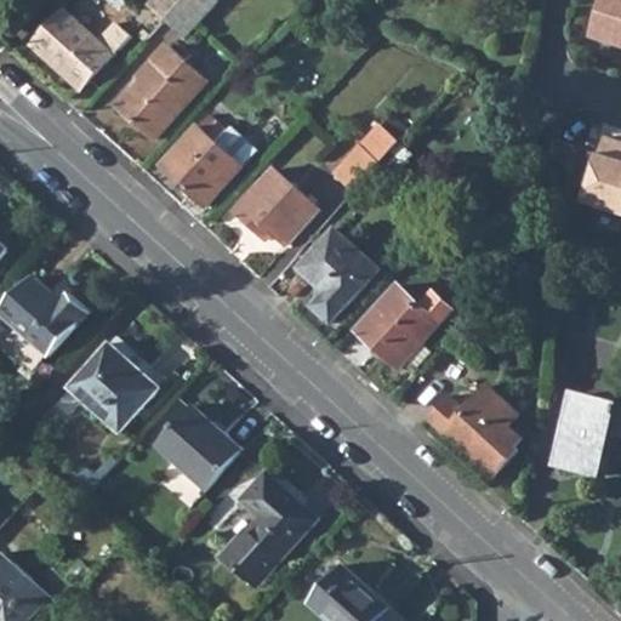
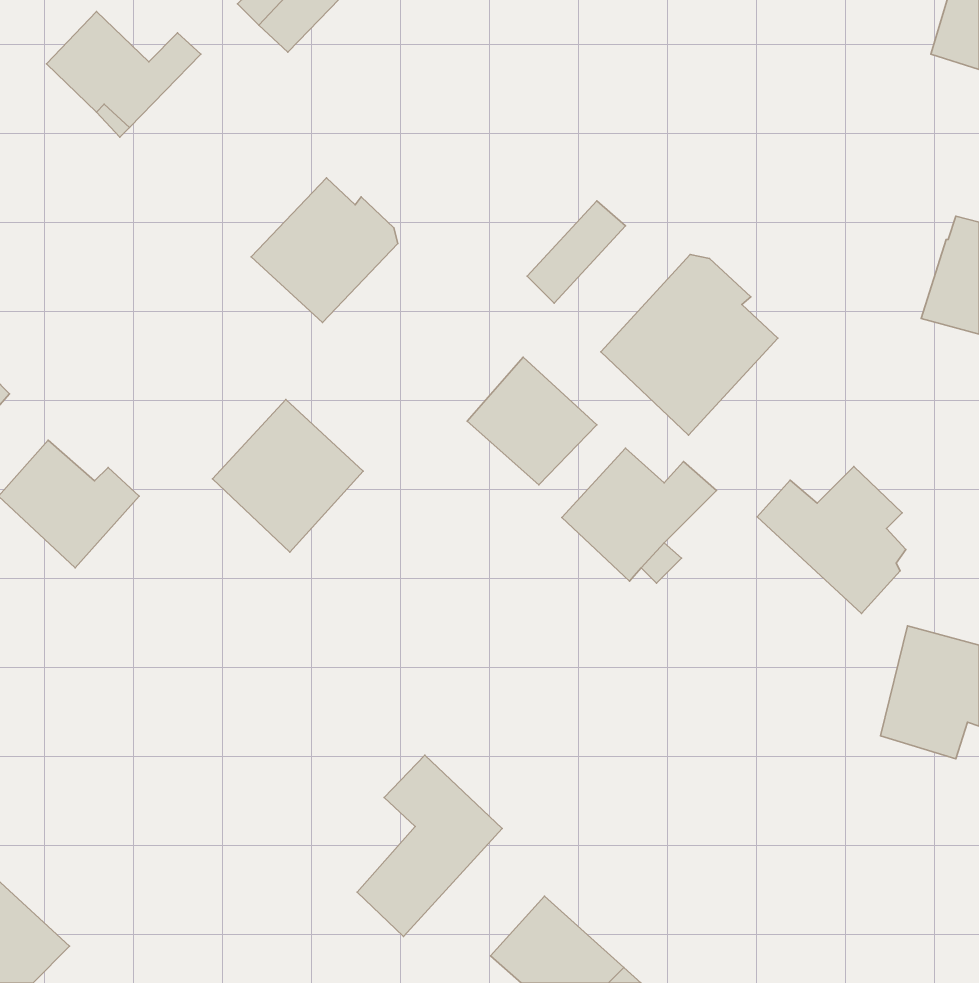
building: [114,42,203,136] -> none
building: none -> [601,255,778,435]
building: [230,167,313,243] -> none
building: [68,337,163,433] -> [213,400,363,552]
building: [423,383,517,475] -> [757,467,906,613]
building: [154,408,240,492] -> none

